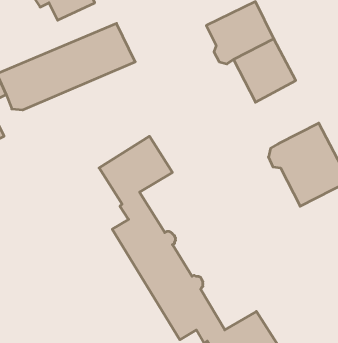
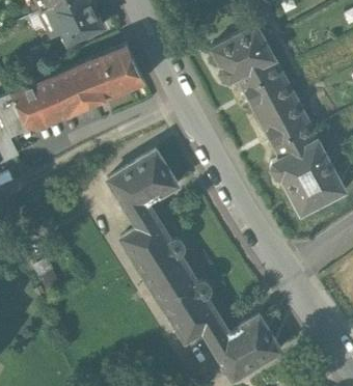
building: none -> [259,100,319,160]

